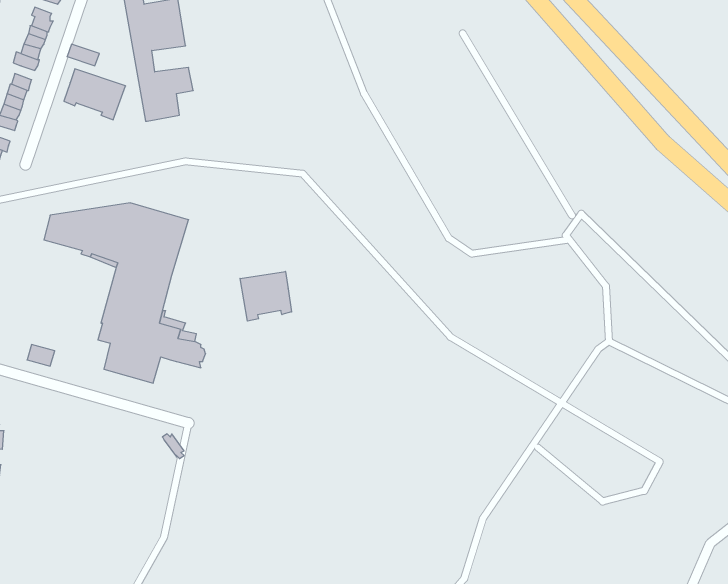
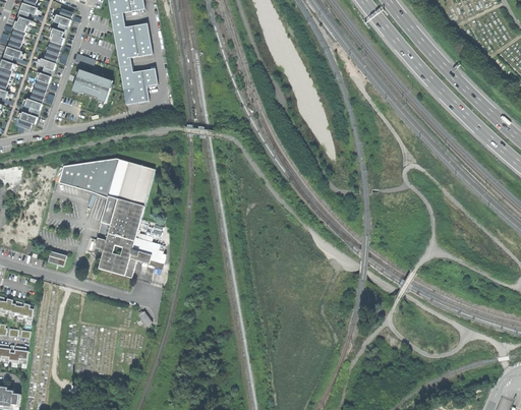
building: [240,271,292,321] -> none

